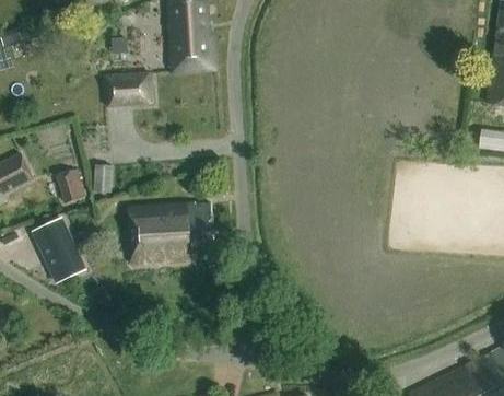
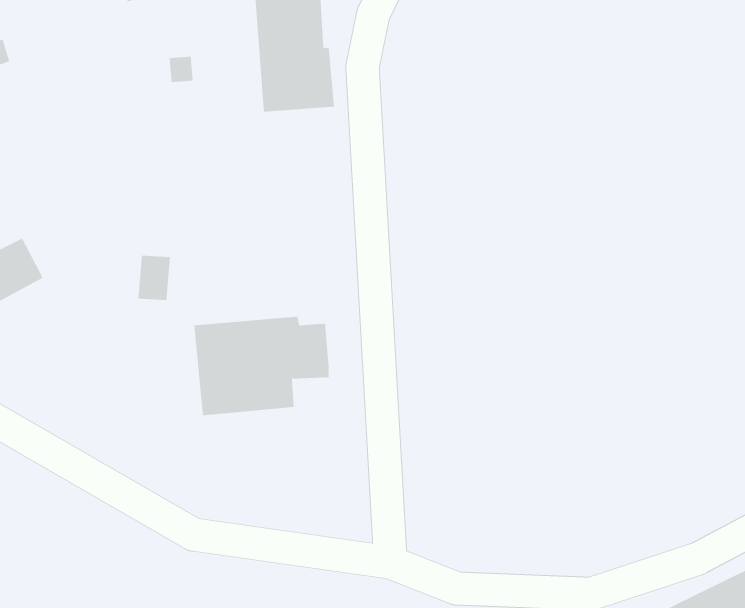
building: [103,72,153,107] -> none
building: [56,170,85,203] -> none
building: [35,222,84,283] -> none

